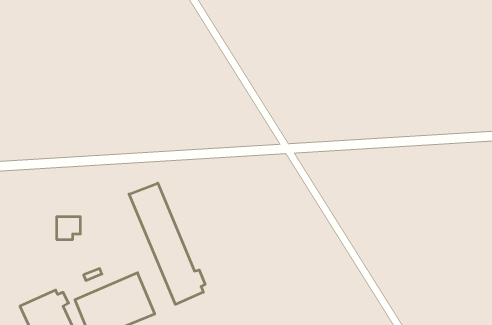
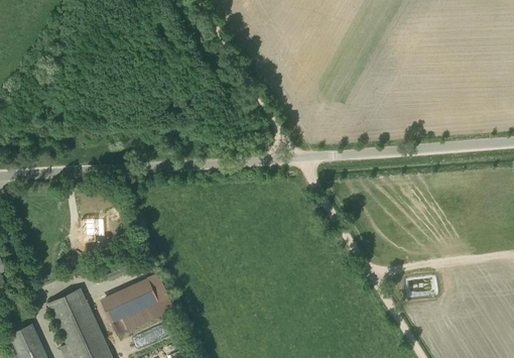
building: [129,183,205,304] -> none

